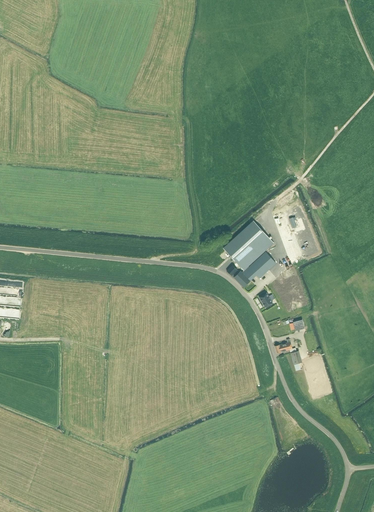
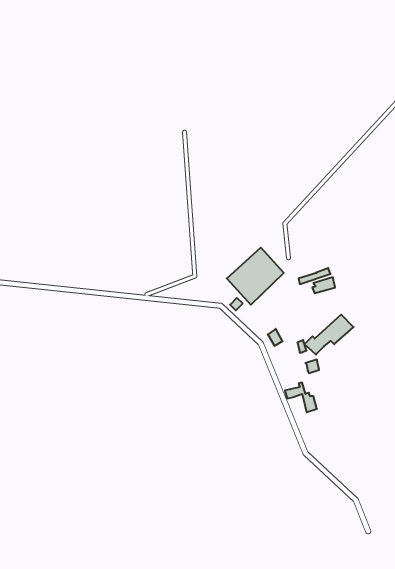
building: [233,252,276,287] -> [305,315,354,355]

